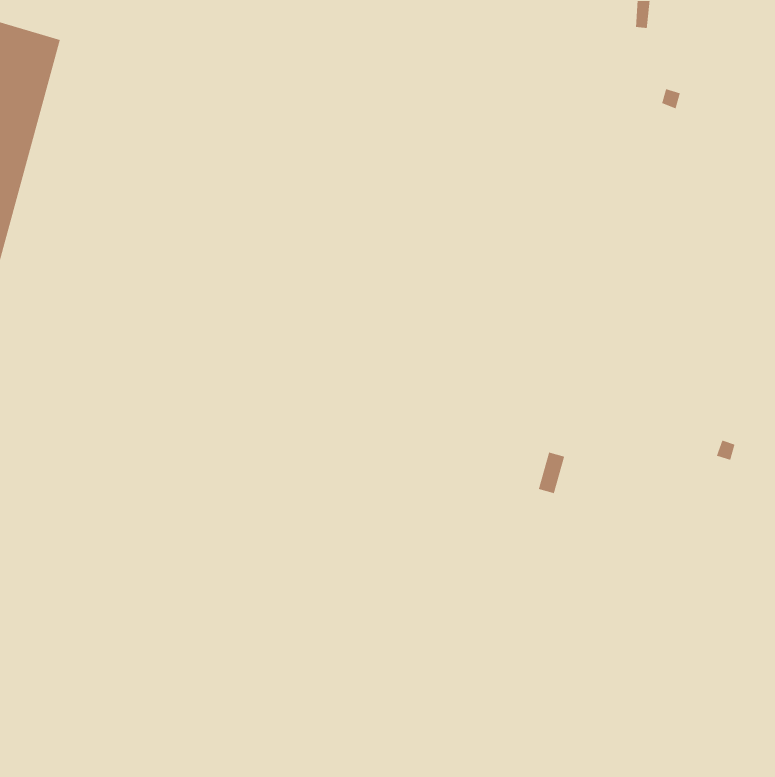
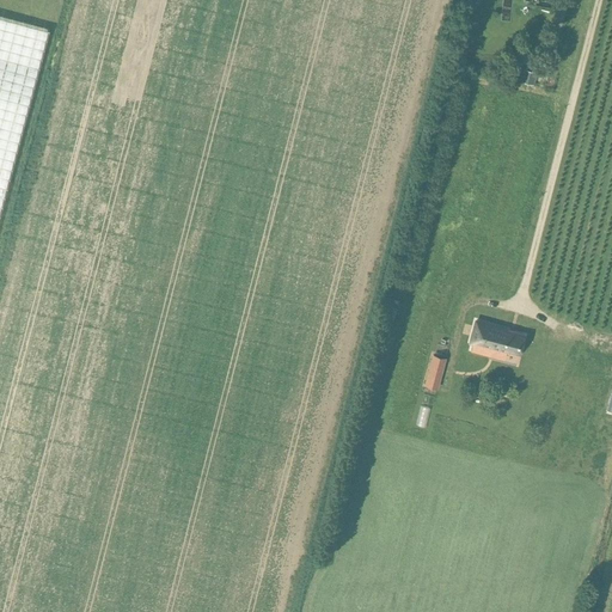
building: none -> [466,318,524,360]

